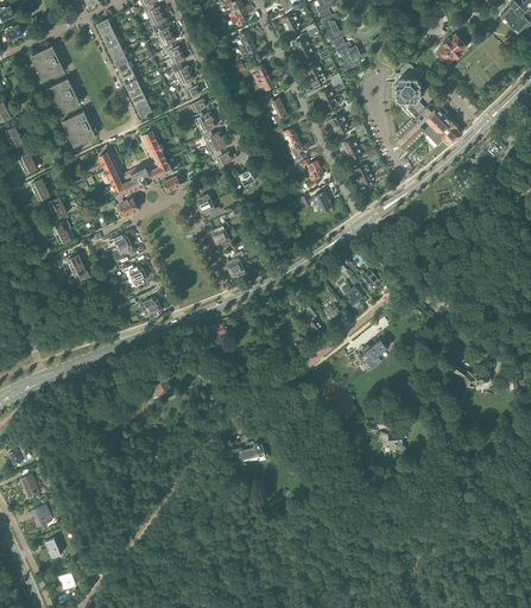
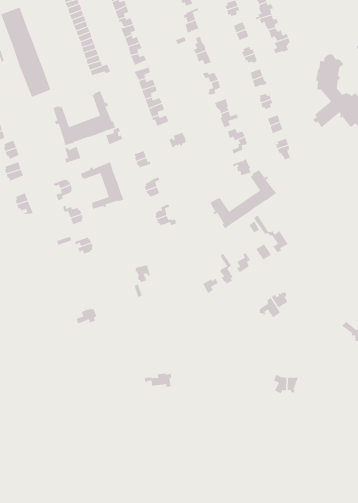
building: none -> [210,169,277,229]
building: none -> [80,161,124,210]

